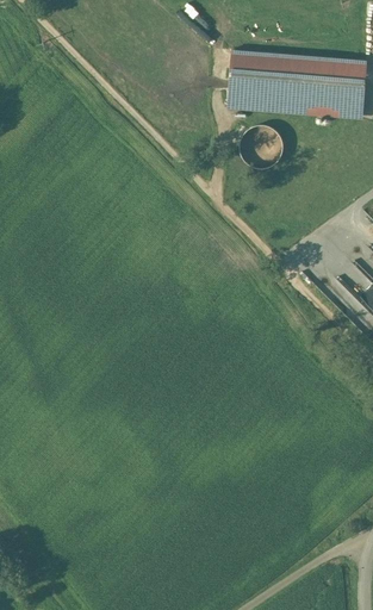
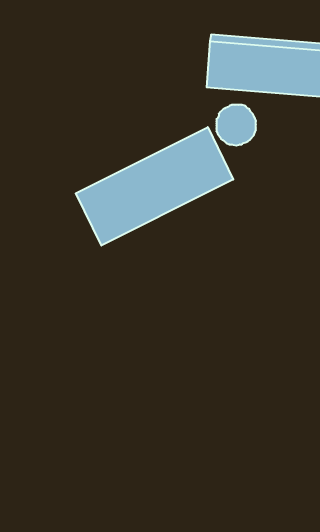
building: none -> [76,127,233,246]

